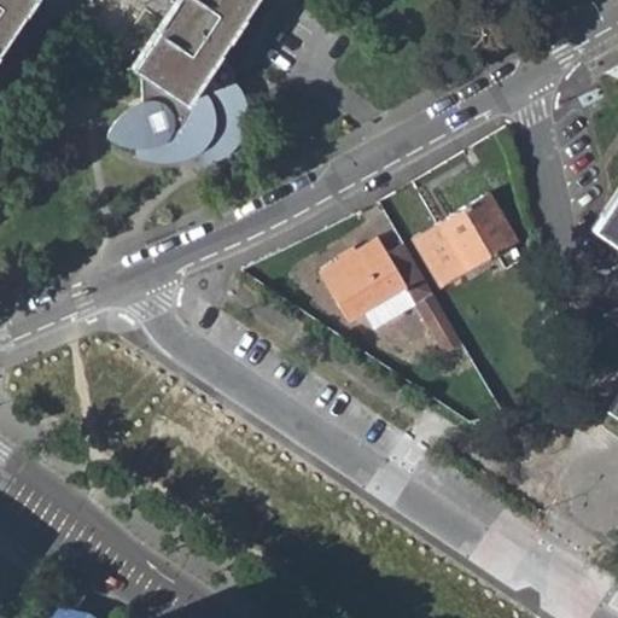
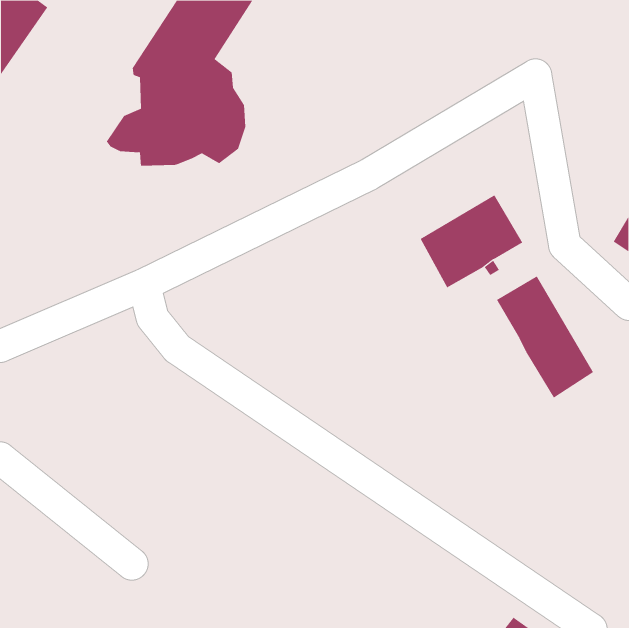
building: [319,238,461,349] -> none
building: none -> [496,276,594,398]

